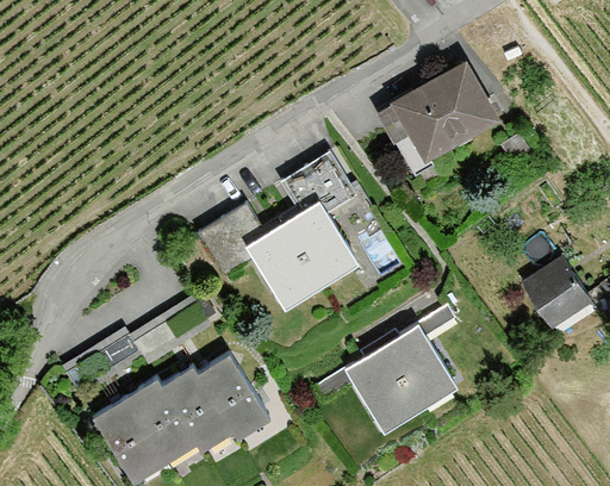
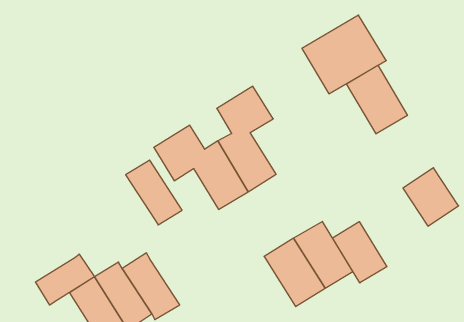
building: none -> [346,65,407,134]
building: none -> [332,222,387,283]
building: [197,355,269,438] -> [126,160,182,225]
building: none -> [35,254,95,305]

